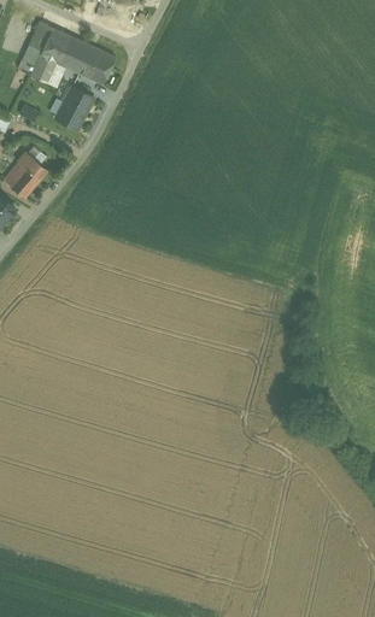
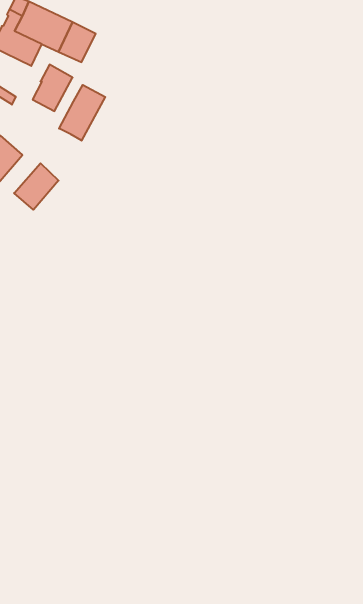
building: none -> [59,85,105,141]
building: none -> [14,163,59,210]

